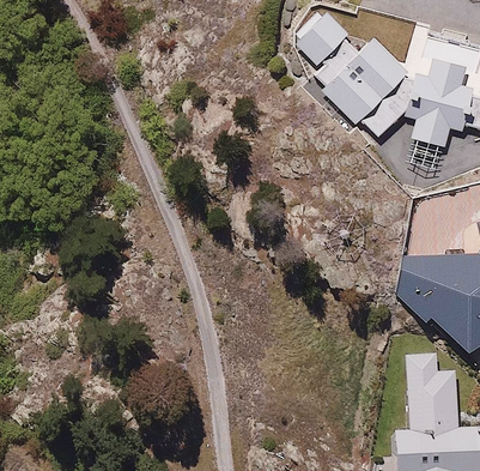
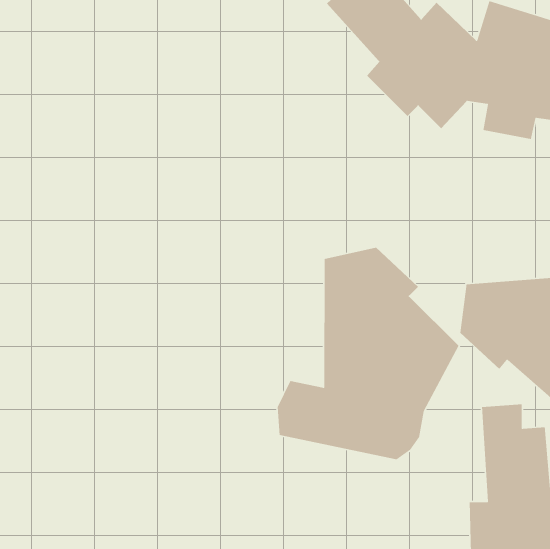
building: none -> [277,247,460,460]

